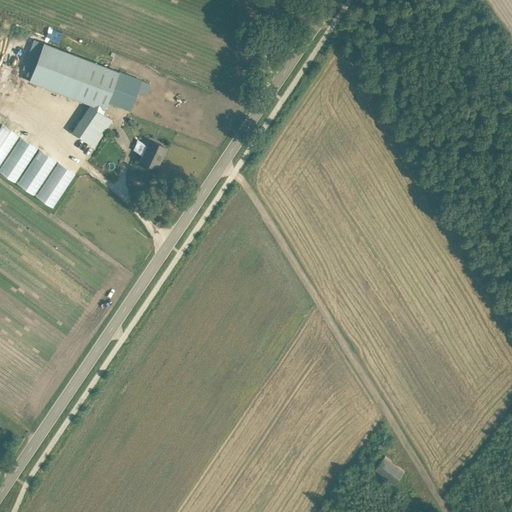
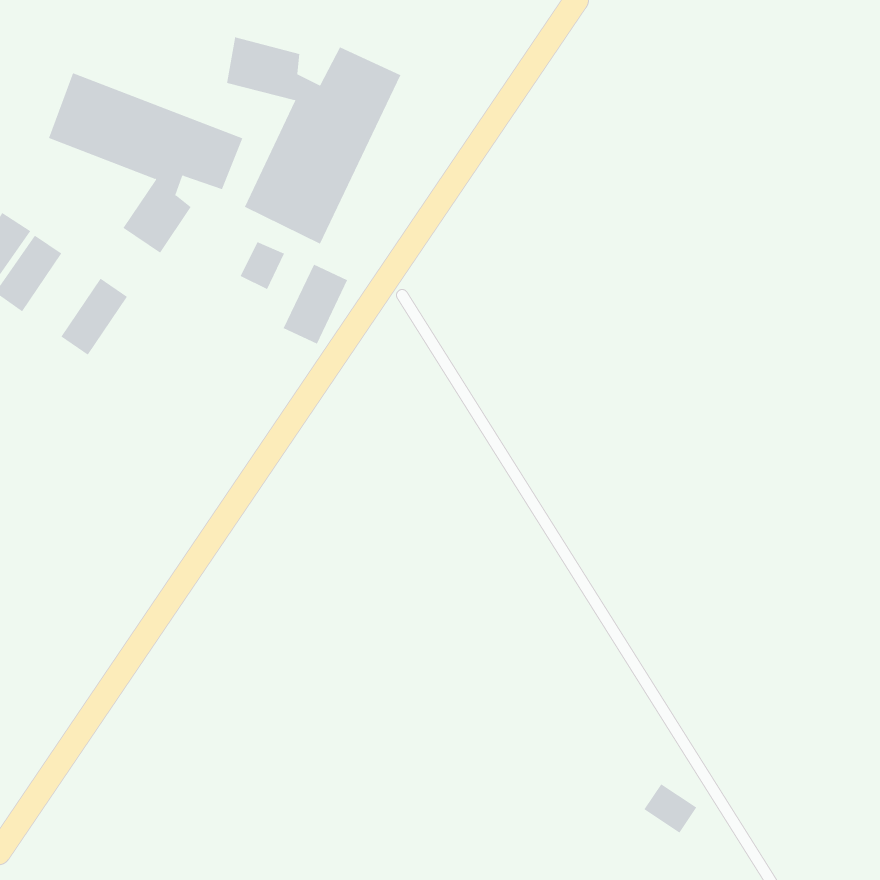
building: none -> [227,37,401,245]
building: [16,150,55,195] -> none
building: none -> [283,264,348,345]

